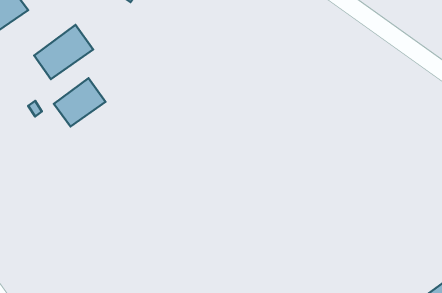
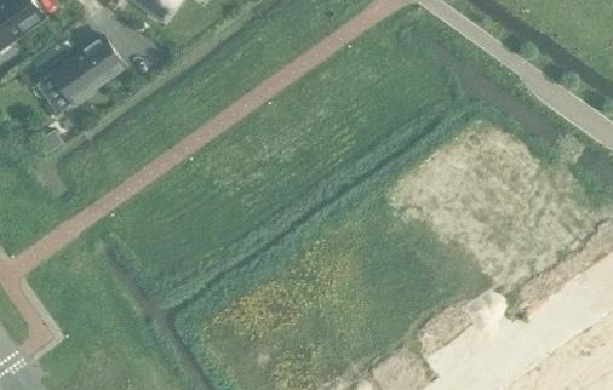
building: [54,78,106,126] -> none

